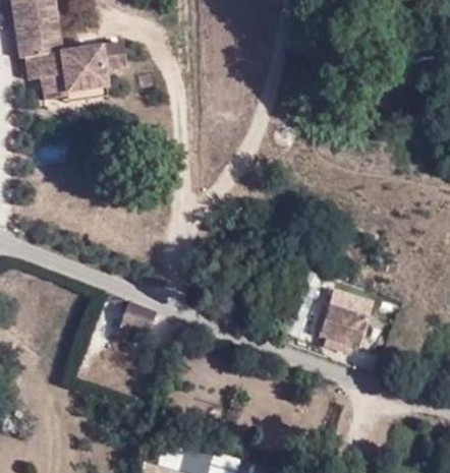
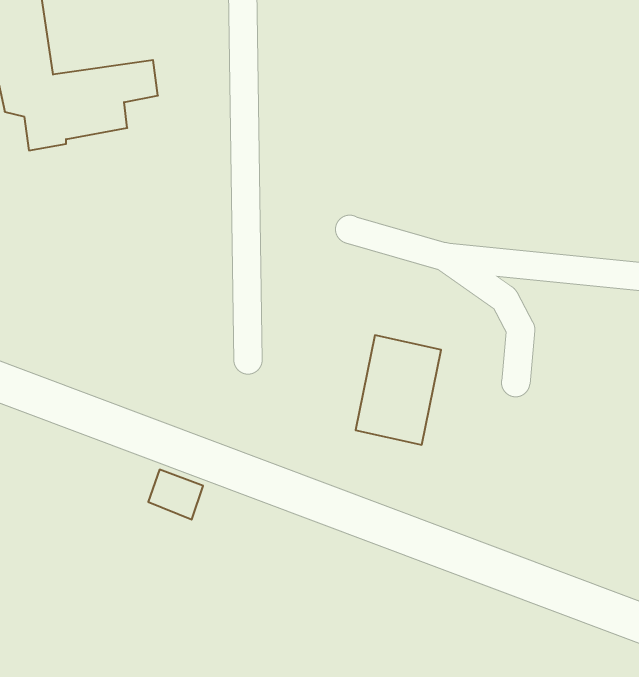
building: [318,282,372,351] -> [356,335,441,445]

